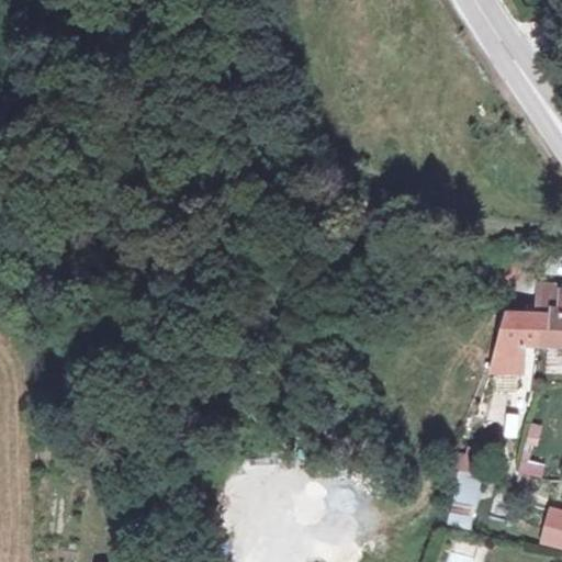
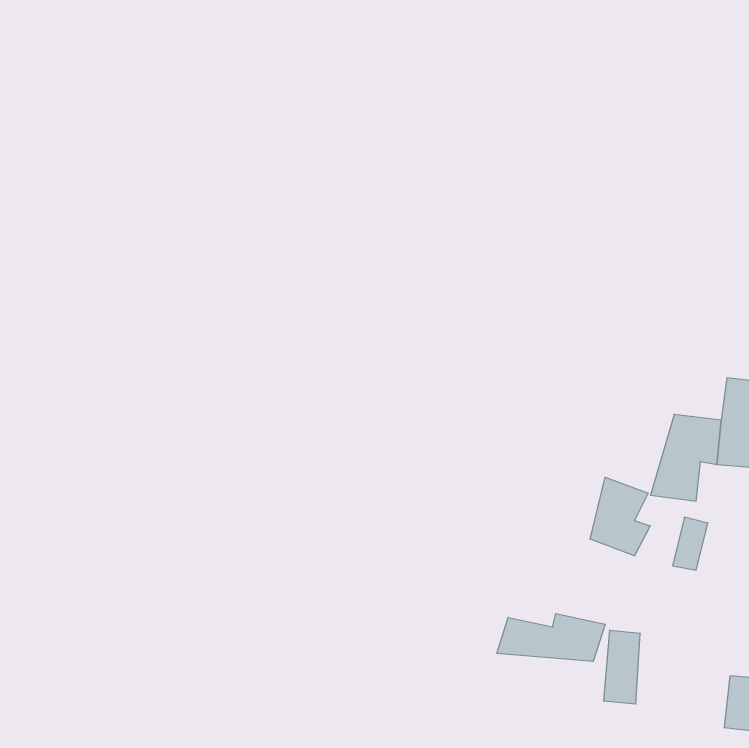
building: none -> [590,477,650,556]
building: none -> [497,614,605,662]

